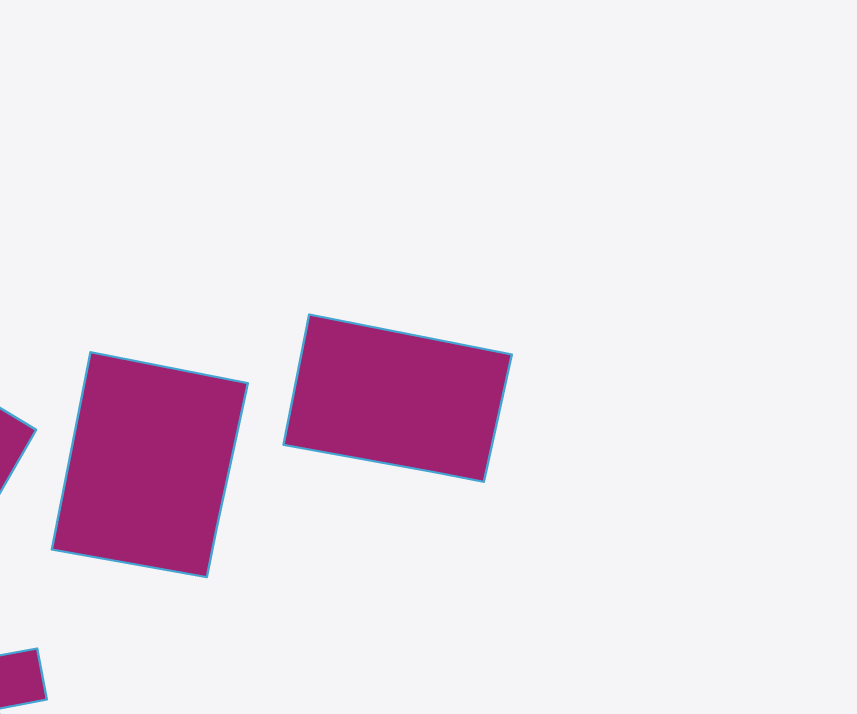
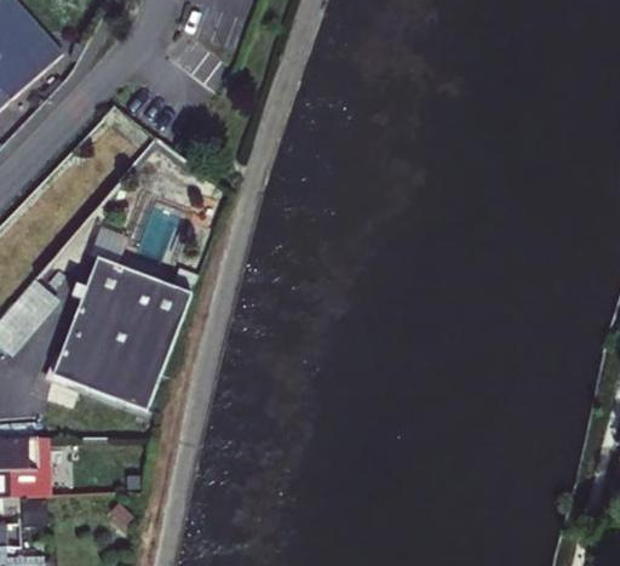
building: [283,314,512,482] -> none

